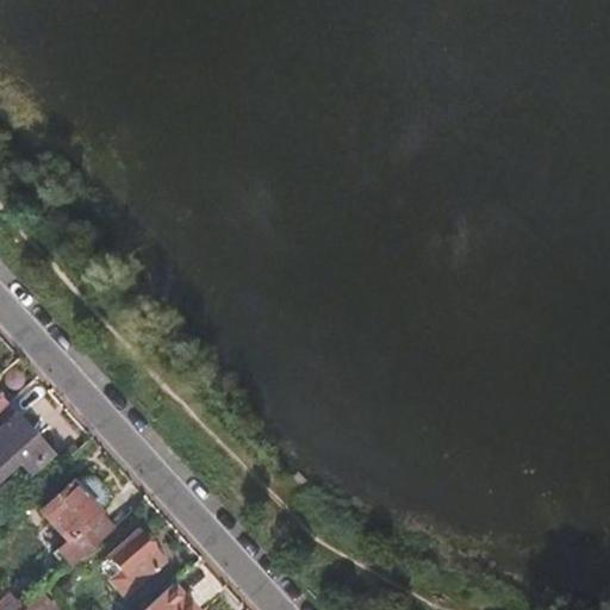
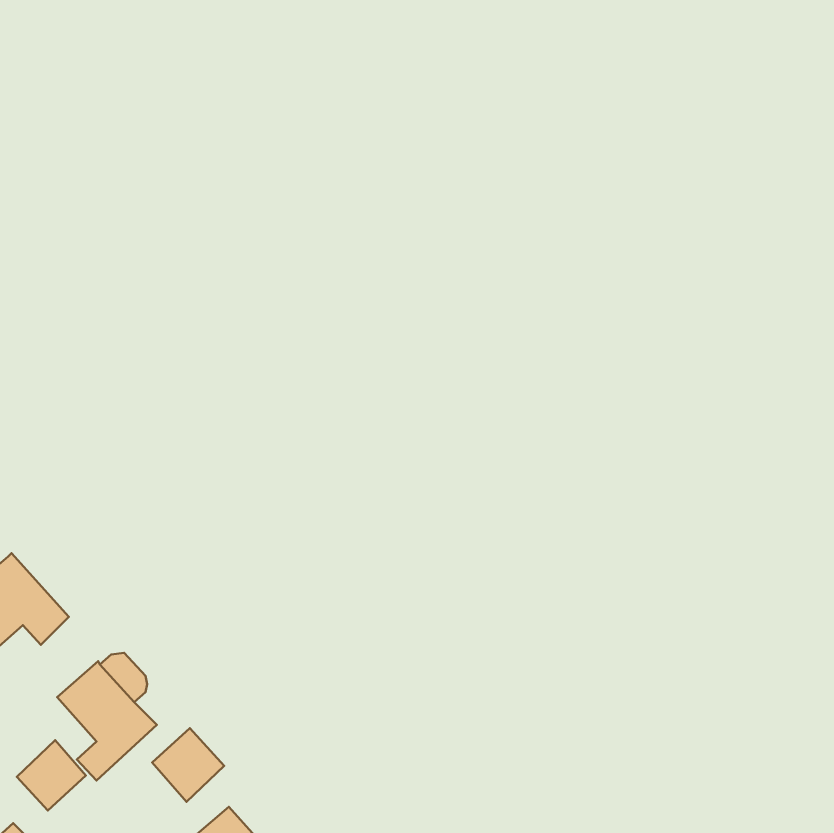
building: none -> [17,740,86,811]

